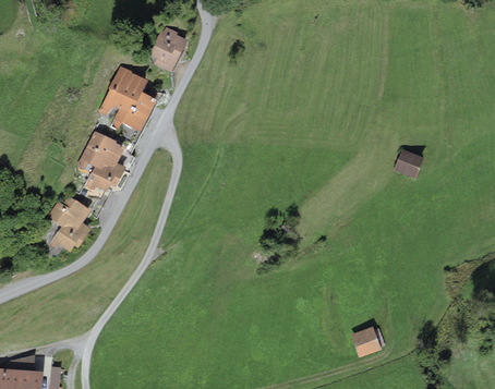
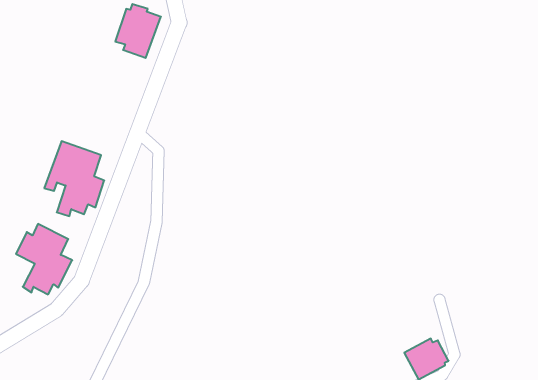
building: [98,66,157,132] -> none
building: [394,149,423,178] -> none

